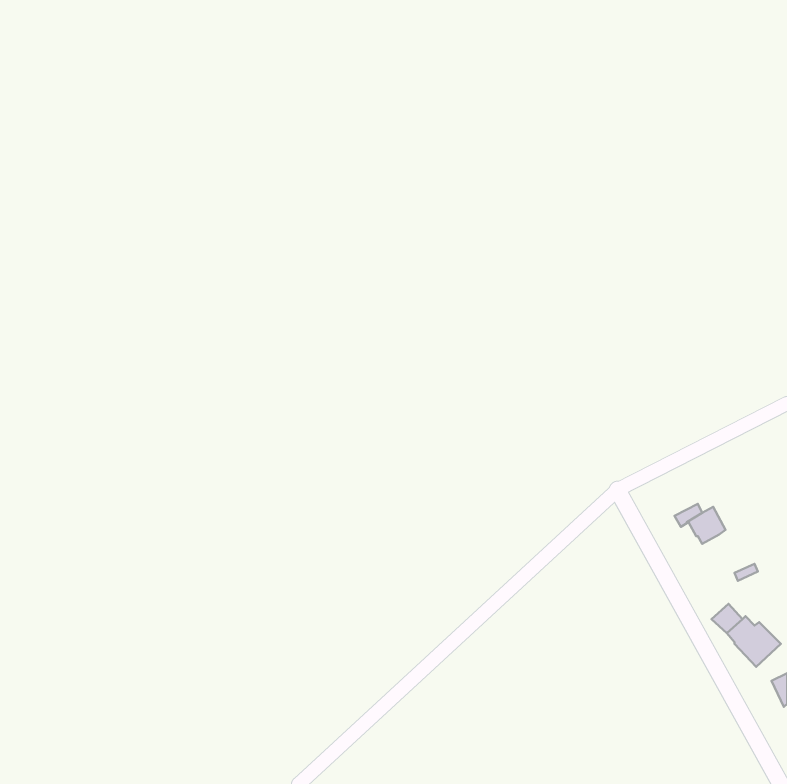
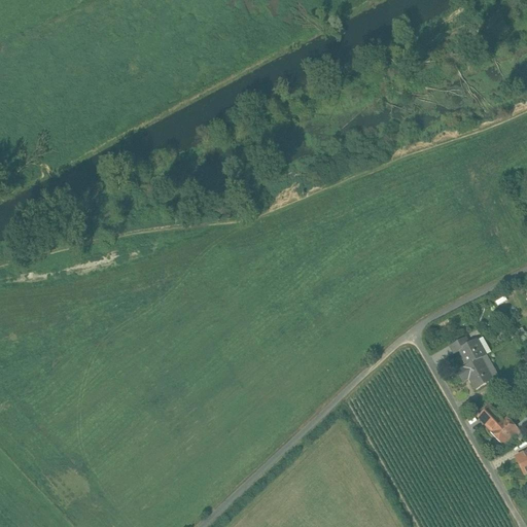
building: none -> [457,357,493,388]

